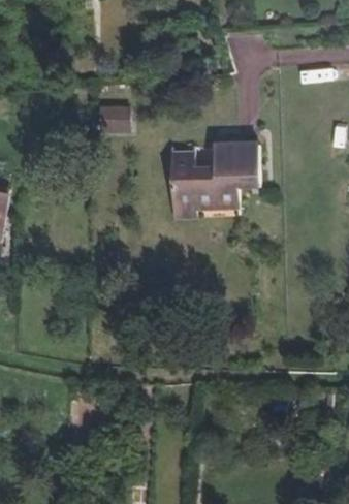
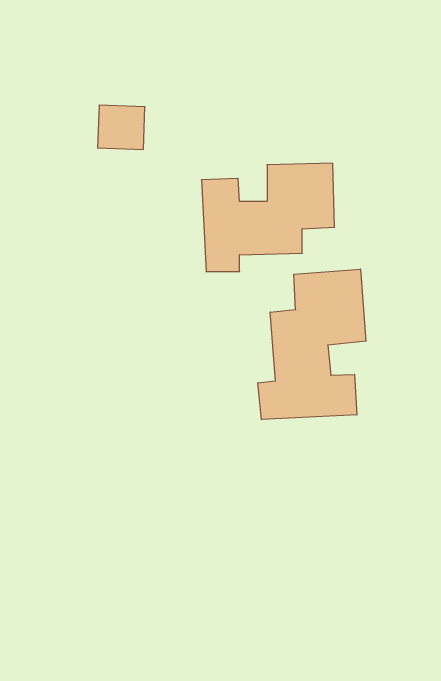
building: none -> [258,269,366,420]

